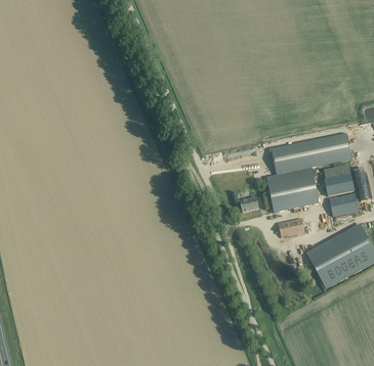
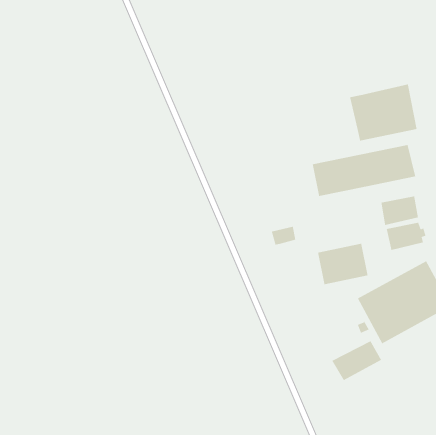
building: [266,167,320,212] -> [349,84,418,141]
building: none -> [331,340,382,381]

